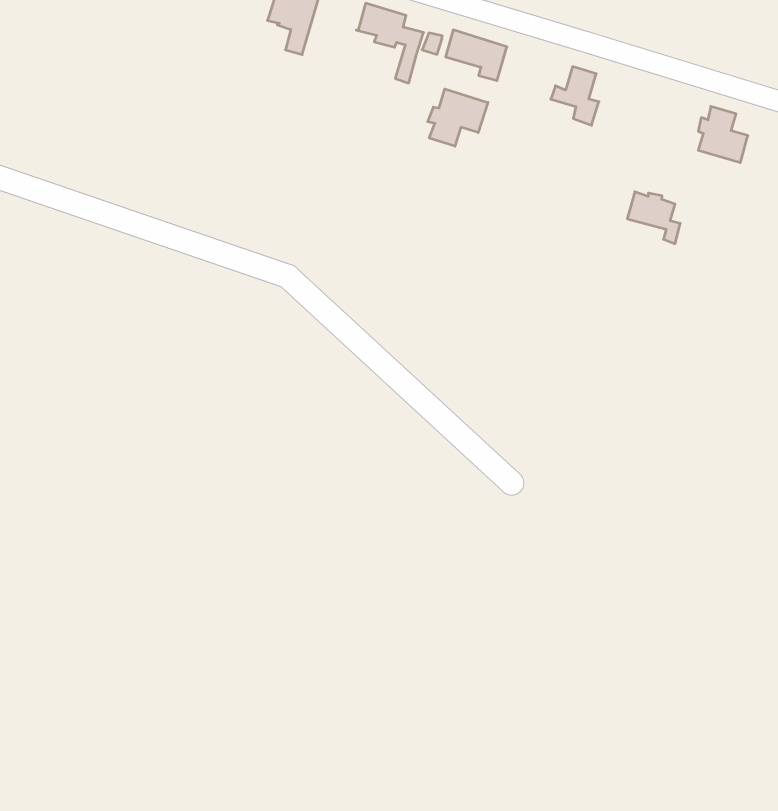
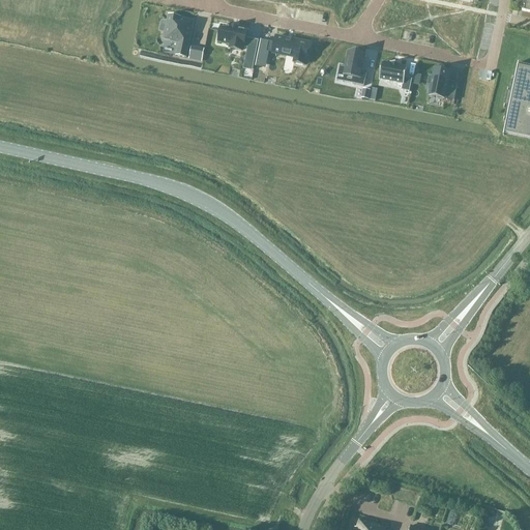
building: [428,89,488,146] -> none
building: [627,192,680,244] -> [379,61,411,90]

